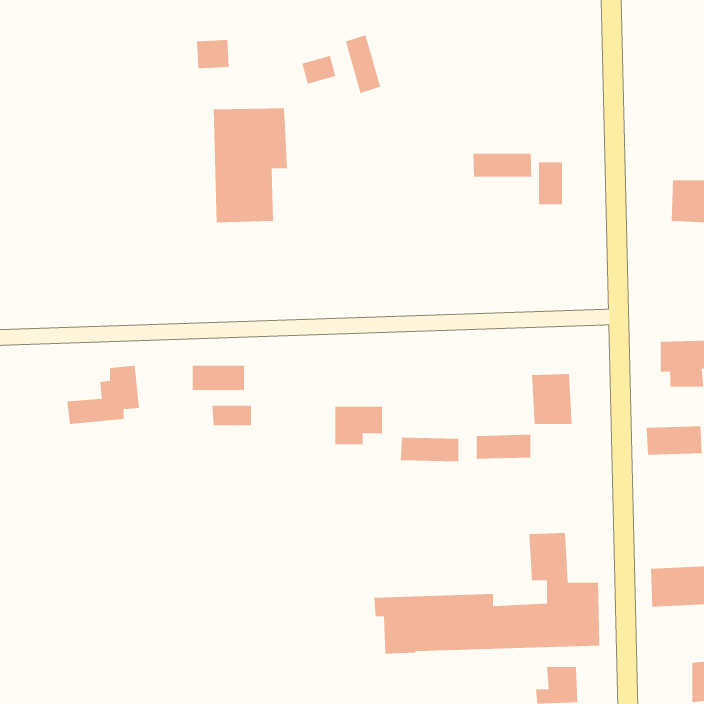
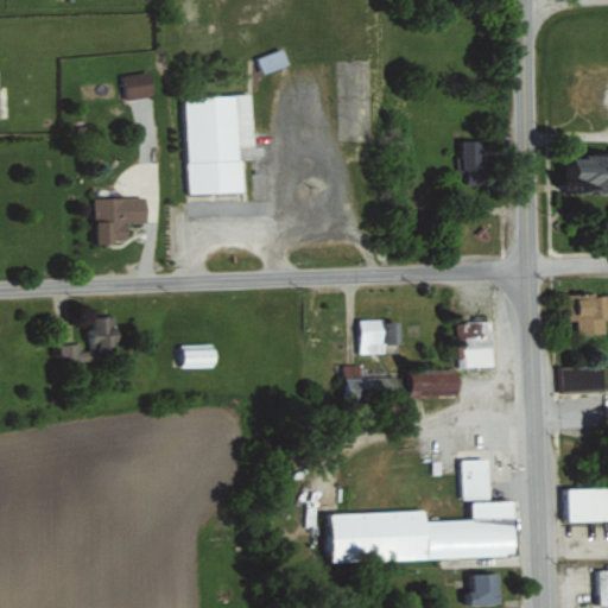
building: [345,34,381,94] -> none
building: [196,40,229,69] -> [125,74,153,99]
building: [473,153,532,178] -> none
building: none -> [96,198,148,245]
building: [192,365,245,391] -> none
building: [334,406,383,445] -> [361,322,403,355]

